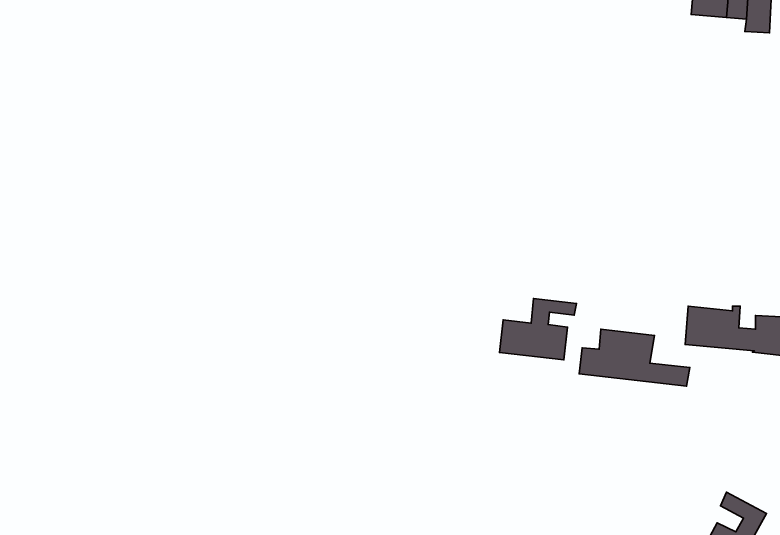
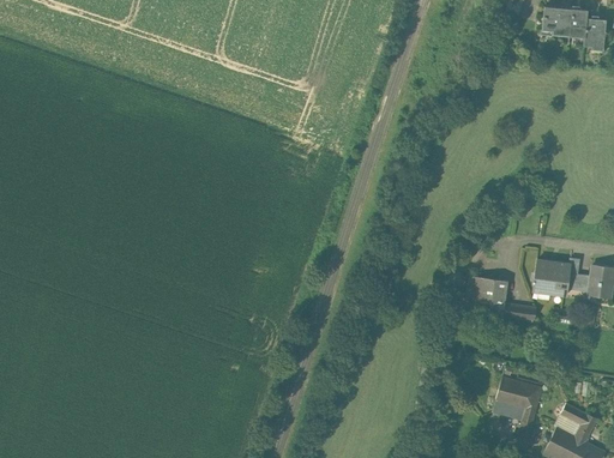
building: [499,298,577,360] -> none
building: none -> [494,375,543,422]

